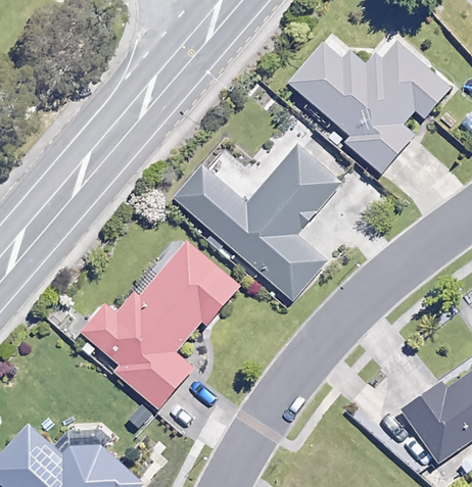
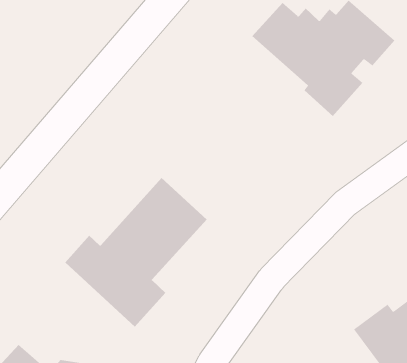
building: [174,146,338,300] -> none

